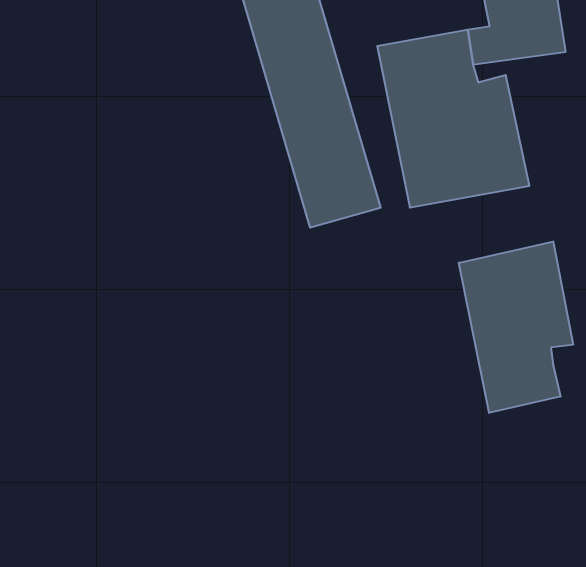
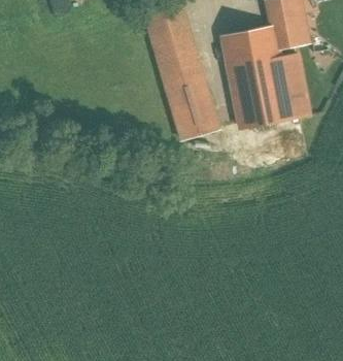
building: [459,241,573,413] -> none

